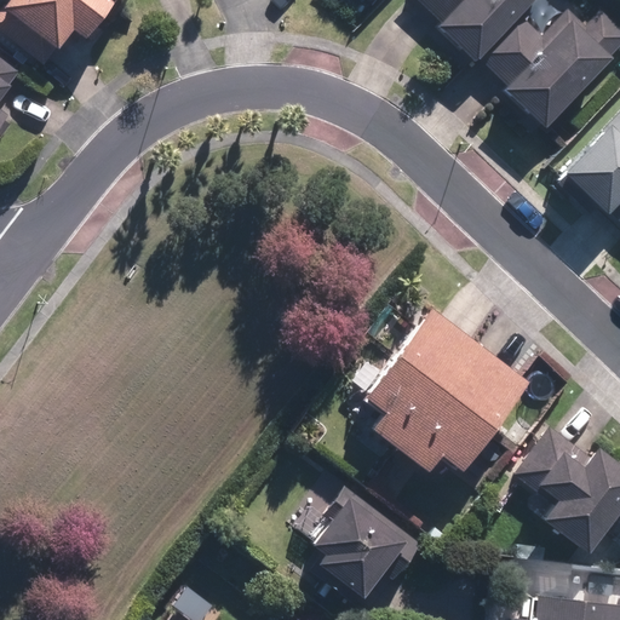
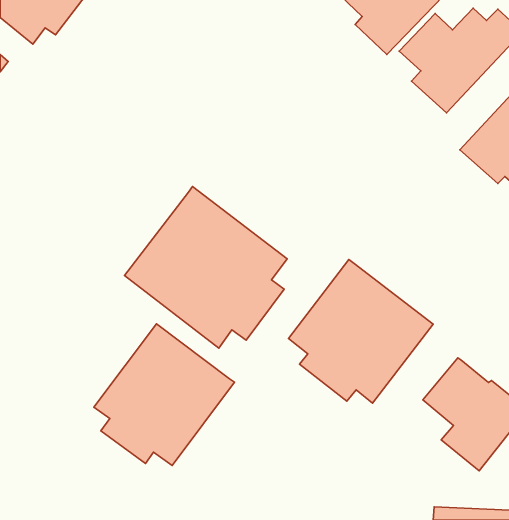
building: none -> [124,186,287,348]
building: none -> [94,324,235,466]
building: [314,482,430,601] -> none

